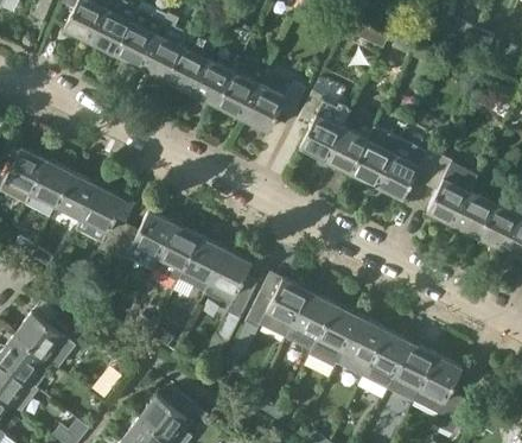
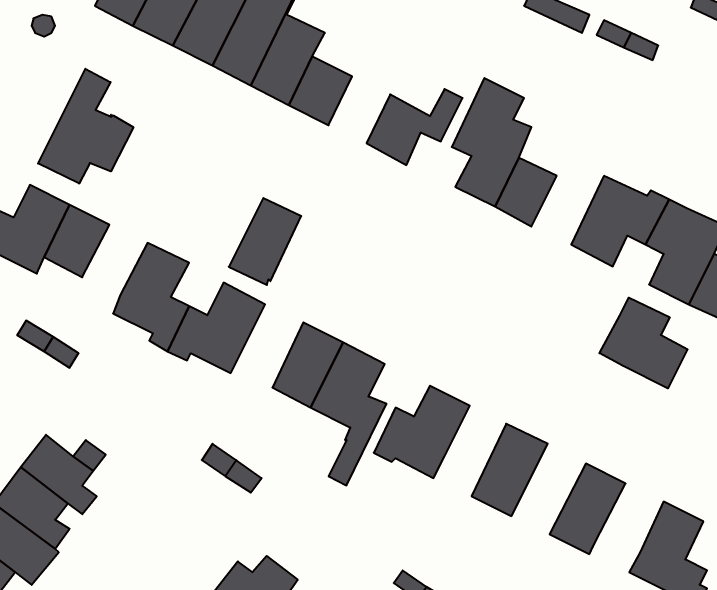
building: none -> [38,69,133,184]
building: [216,75,256,119] -> none
building: [349,128,396,185] -> none
building: [55,172,97,219] -> none
building: none -> [599,298,688,388]
building: [152,224,199,281] -> [229,198,301,285]
building: [285,291,332,350] -> none
building: [336,316,384,375] -> none
building: [394,342,435,387] -> none

